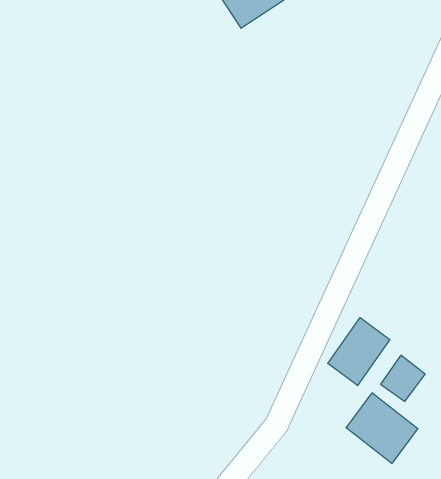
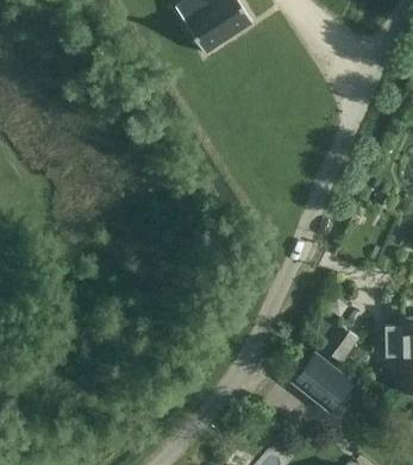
building: [328,318,390,386] -> none

